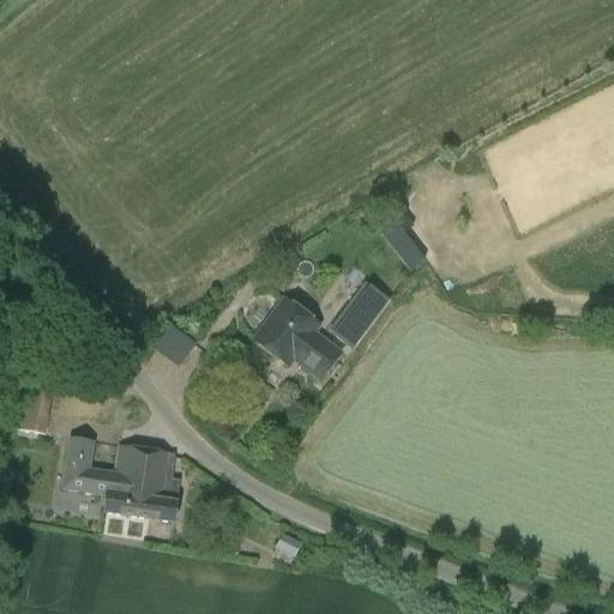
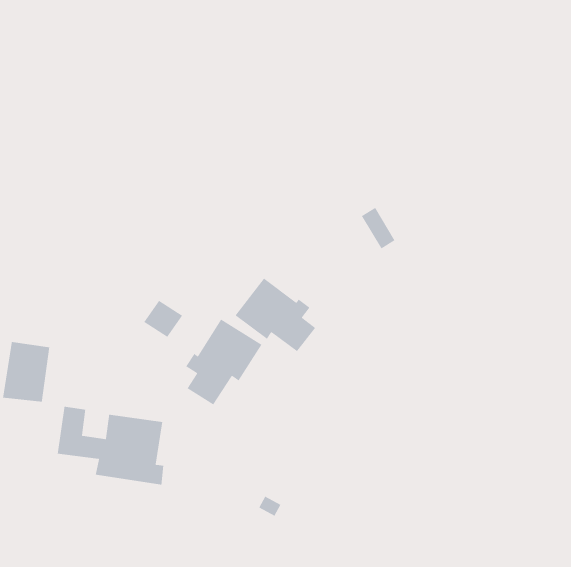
building: [337,285,389,347] -> none
building: none -> [185,318,262,405]

